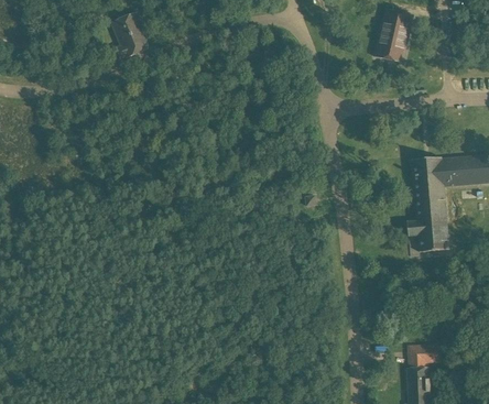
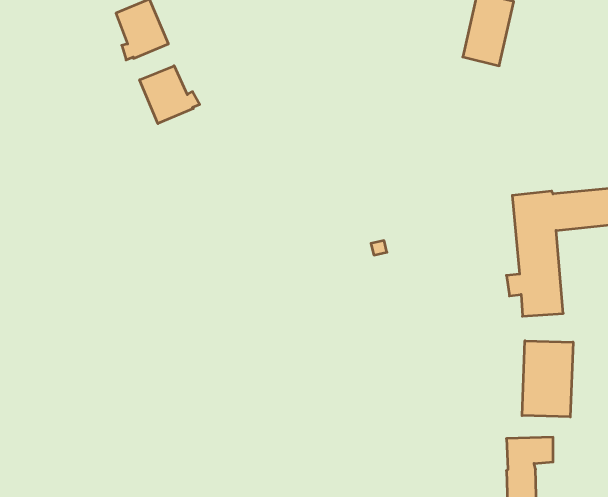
building: none -> [140,66,200,124]
building: none -> [522,341,573,417]

